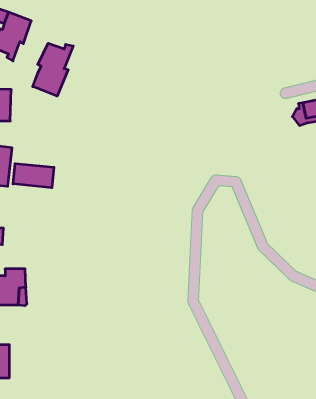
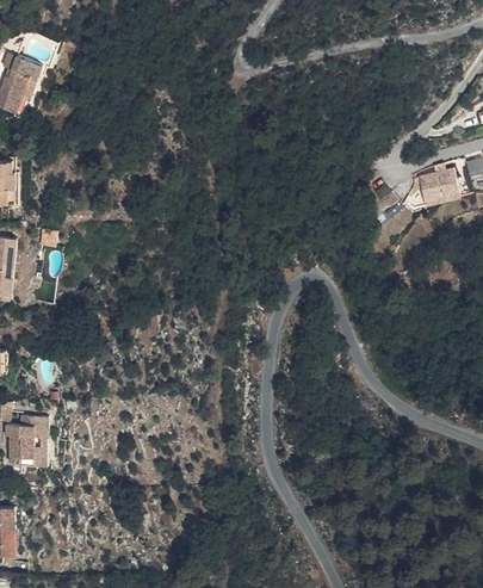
building: [33,43,73,96] -> none
building: [13,164,54,188] -> none

